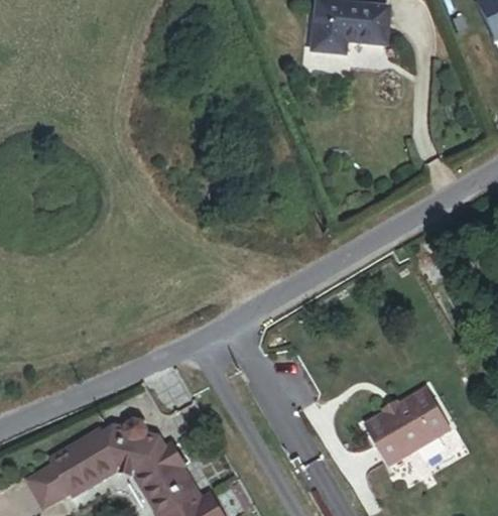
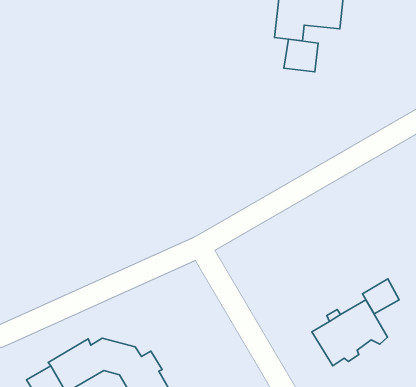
building: none -> [284,39,318,72]
building: none -> [362,279,399,314]

